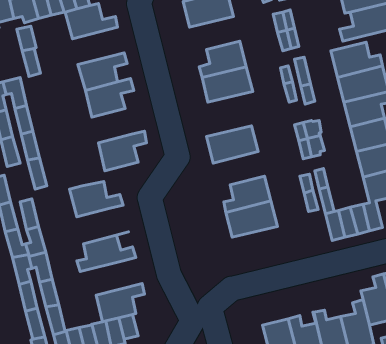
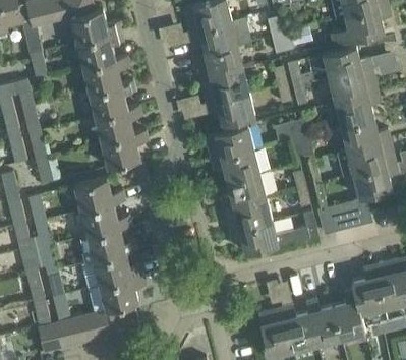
building: none -> [188,21,236,53]
building: none -> [77,32,123,67]
building: none -> [206,93,254,125]
building: none -> [96,106,141,141]
building: none -> [211,149,259,181]
building: none -> [81,203,131,237]
building: none -> [229,212,317,253]
building: none -> [82,253,143,289]

